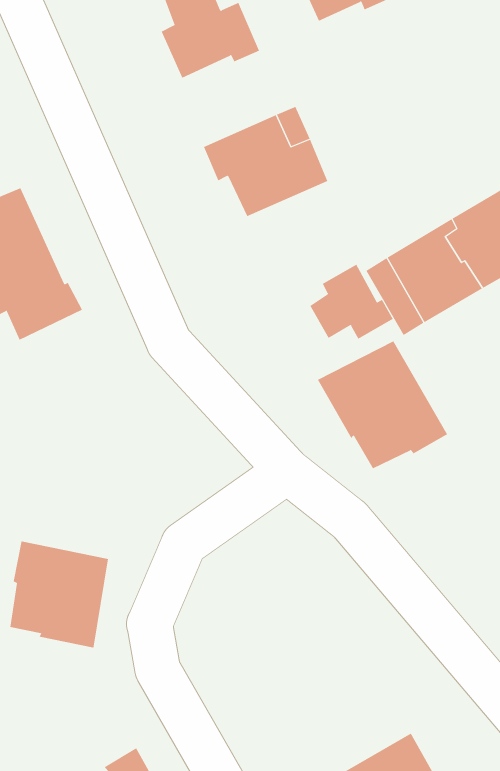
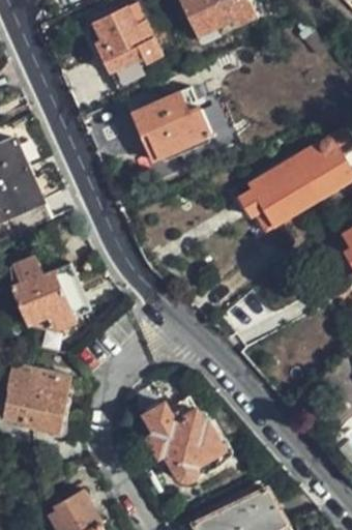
building: [309,264,393,339] -> none
building: [317,340,448,469] -> none
building: none -> [8,257,90,331]
building: none -> [144,394,221,479]

